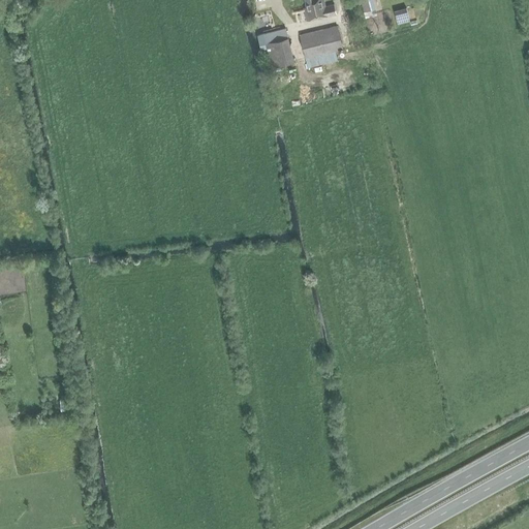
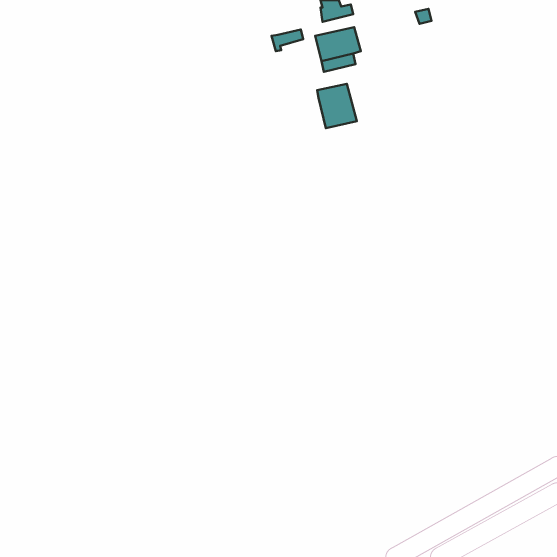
building: [266,37,292,65] -> none
building: none -> [317,84,357,128]

